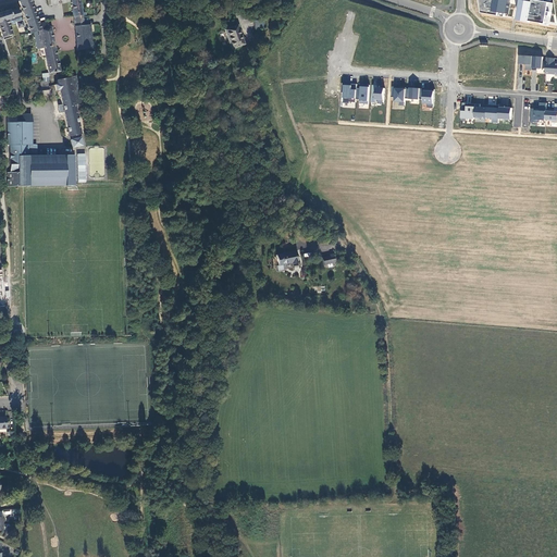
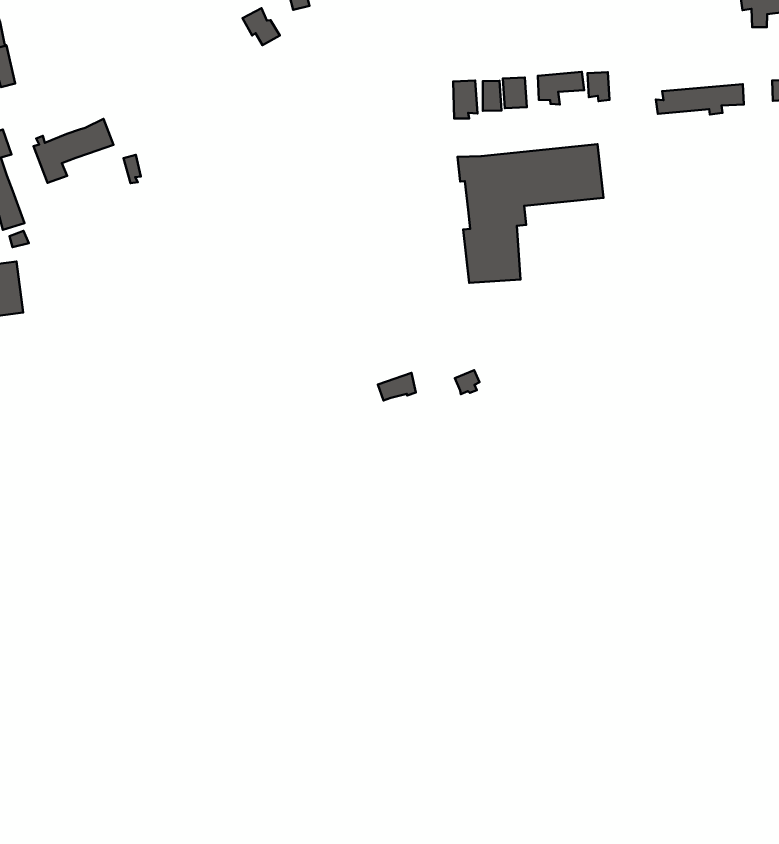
building: none -> [33,119,114,183]
building: none -> [458,144,604,283]

